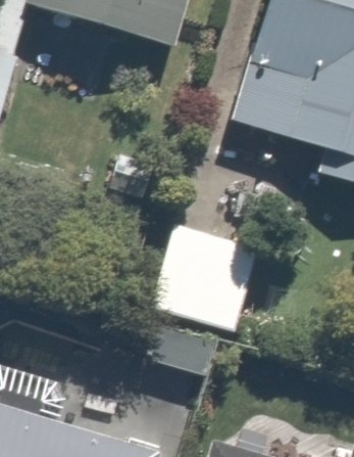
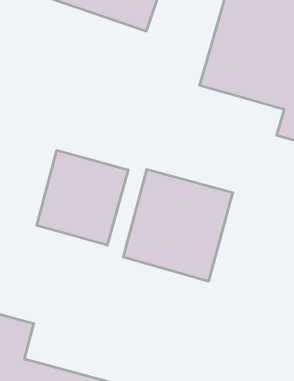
building: none -> [37,150,128,245]

